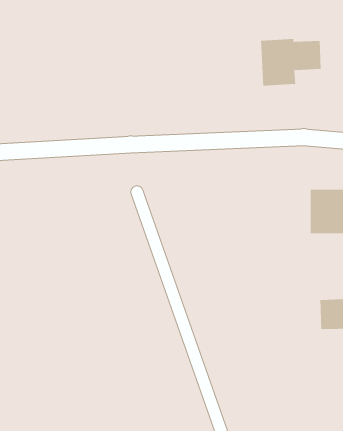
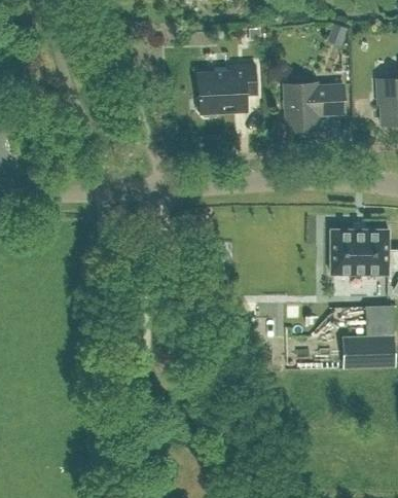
building: none -> [195,66,256,118]

